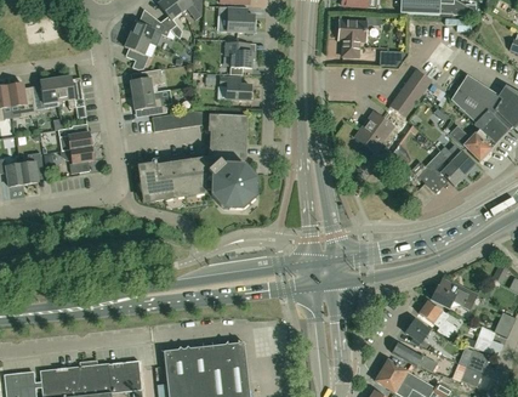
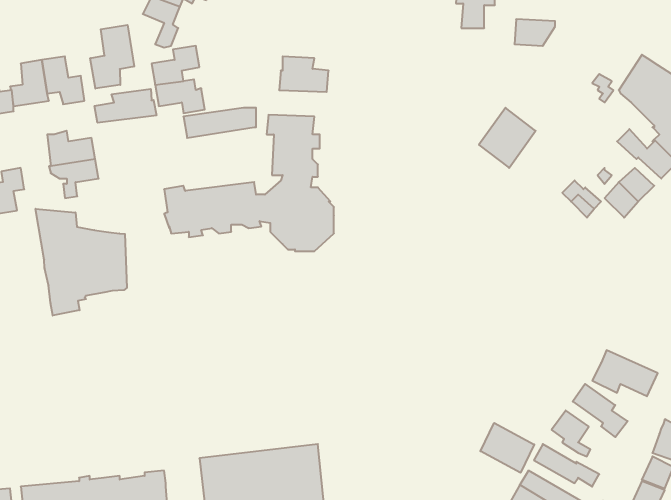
building: [224,42,255,68] -> none
building: none -> [90,25,134,89]
building: [389,69,431,117] -> none
building: none -> [95,89,156,123]
building: none -> [36,209,127,316]
building: none -> [480,423,534,473]

